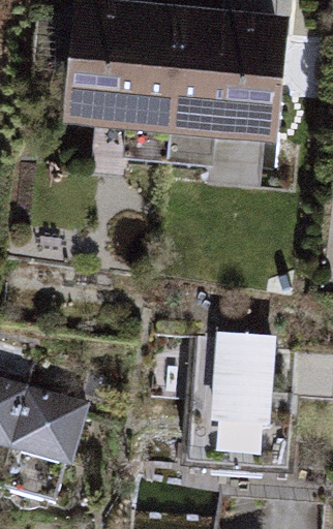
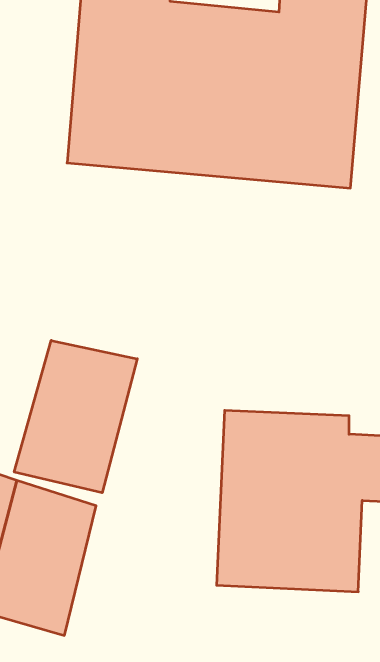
building: none -> [14,340,137,493]

